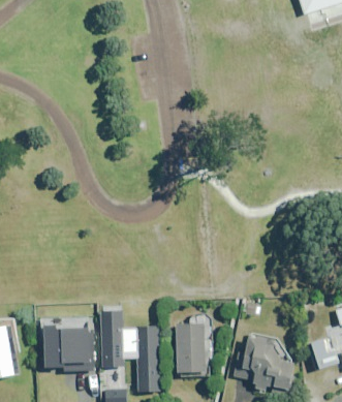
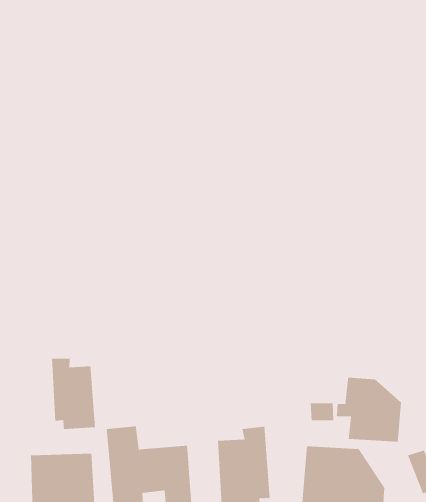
building: none -> [51,358,95,430]
building: none -> [337,377,402,442]

